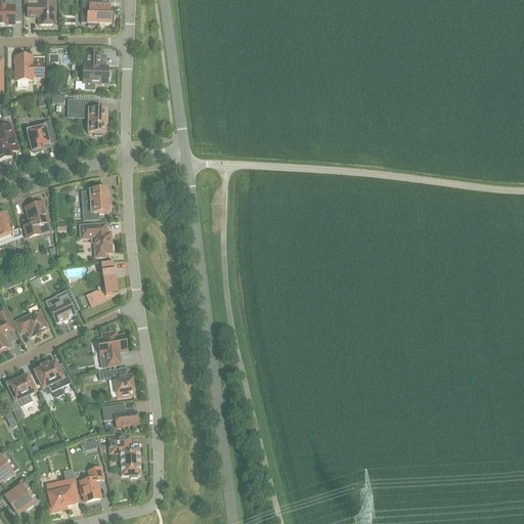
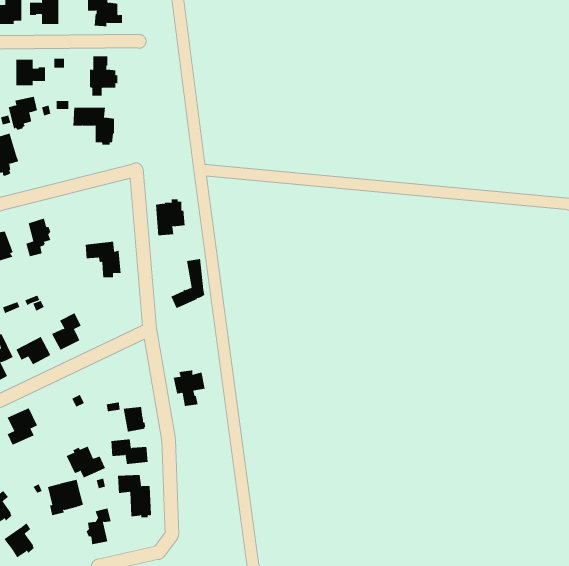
building: [26,119,53,150] -> [8,96,38,131]
building: [81,185,108,219] -> [155,199,185,236]
building: [85,259,117,305] -> [171,258,205,309]
building: [96,331,126,364] -> [173,370,205,407]
building: [34,360,71,390] -> [66,446,106,478]
building: [45,477,79,511] -> [47,479,84,516]

